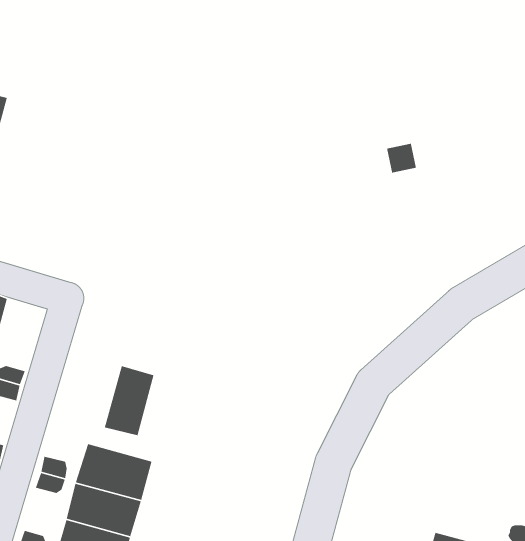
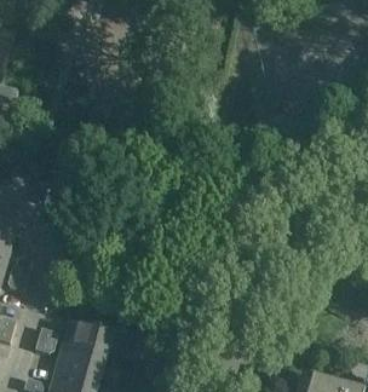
building: [104,365,154,436] -> none

